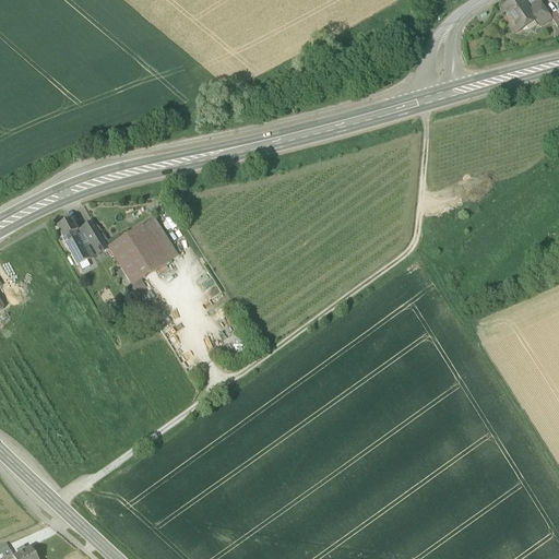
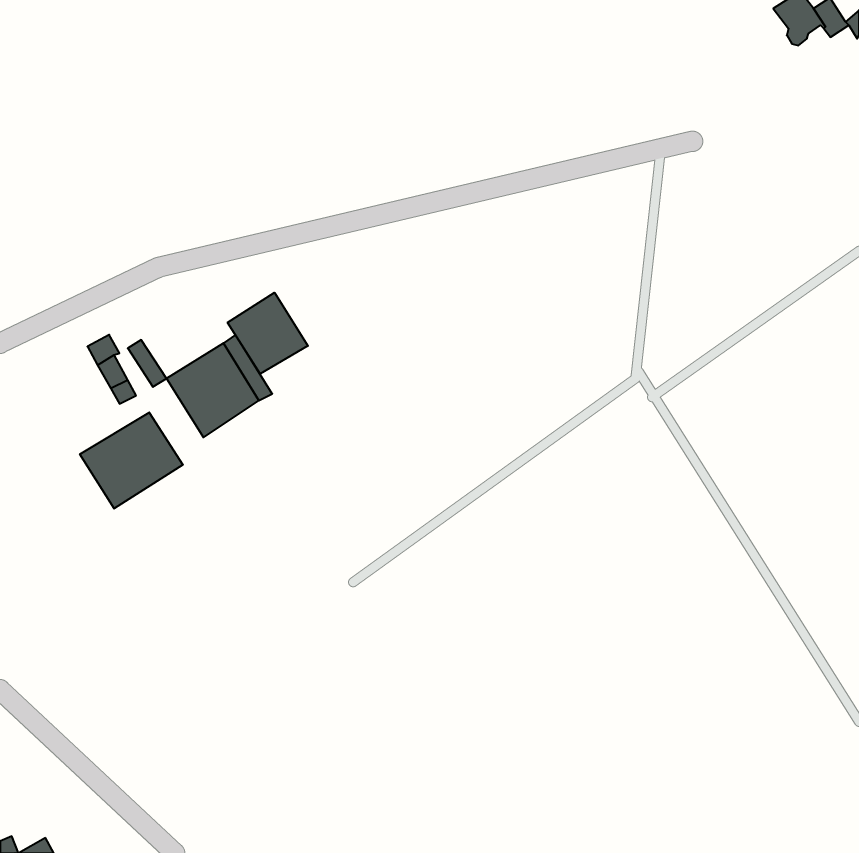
building: none -> [228,293,308,374]
building: none -> [80,412,183,509]

